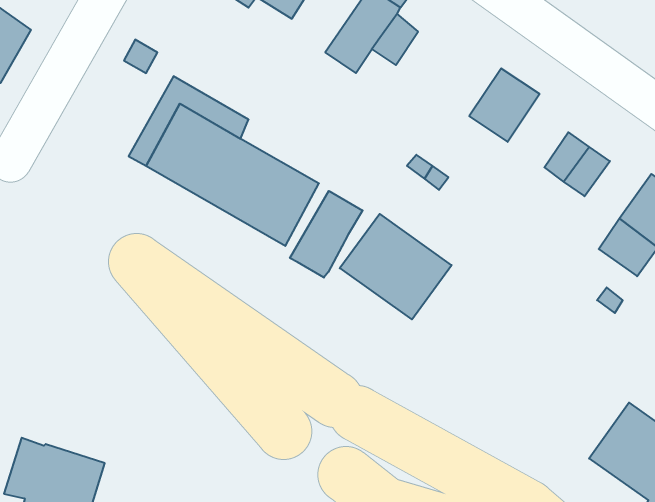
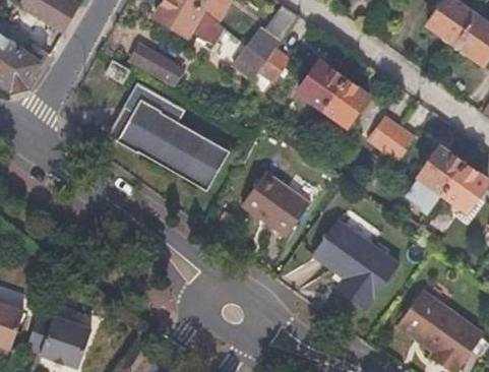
building: none -> [128,43,183,87]
building: none -> [299,61,344,109]
building: [290,191,363,278] -> none
building: none -> [314,220,403,312]

